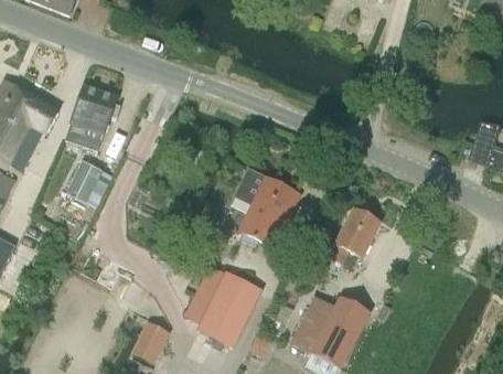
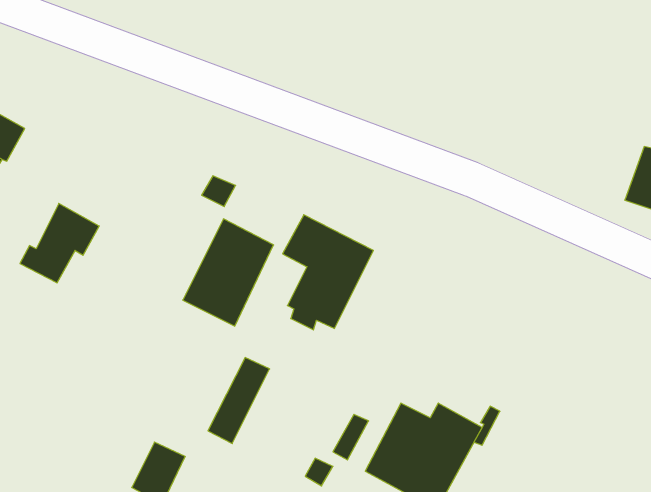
building: [65,86,116,148] -> none
building: [332,207,379,267] -> none
building: [199,271,260,344] -> [183,219,274,326]

